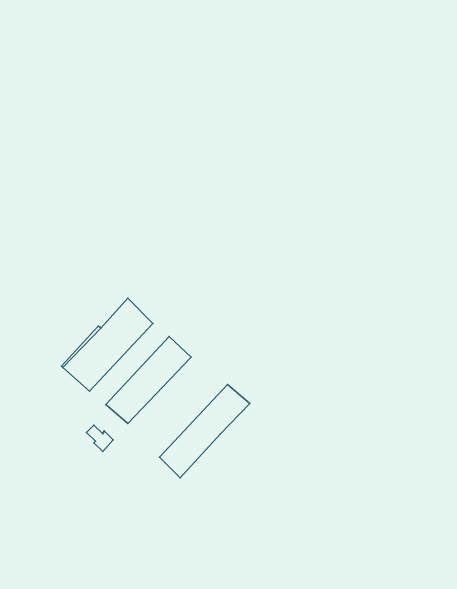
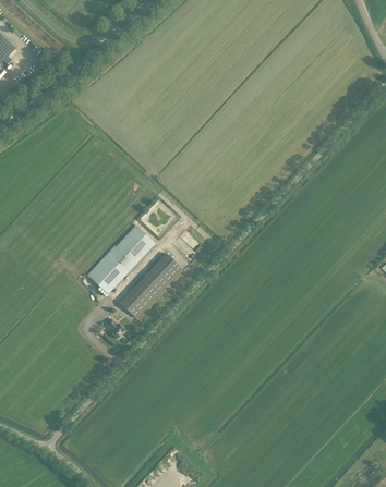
building: [160,384,250,478] -> none

